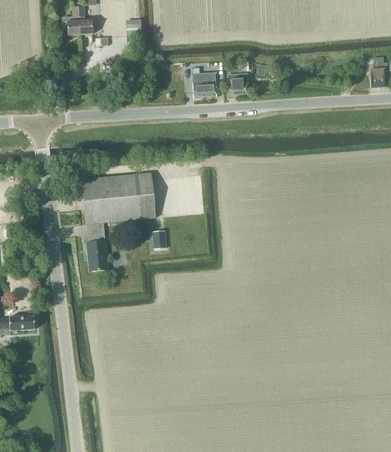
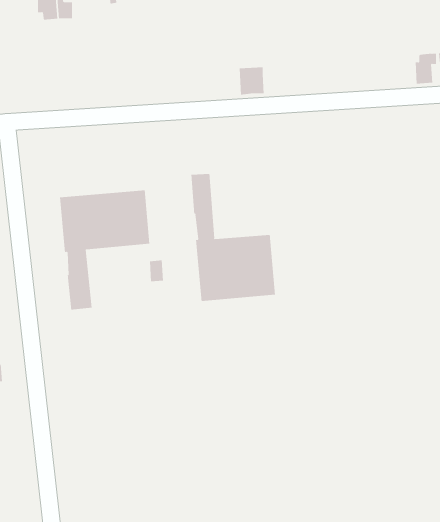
building: [192,73,215,98] -> none
building: none -> [191,173,275,302]

